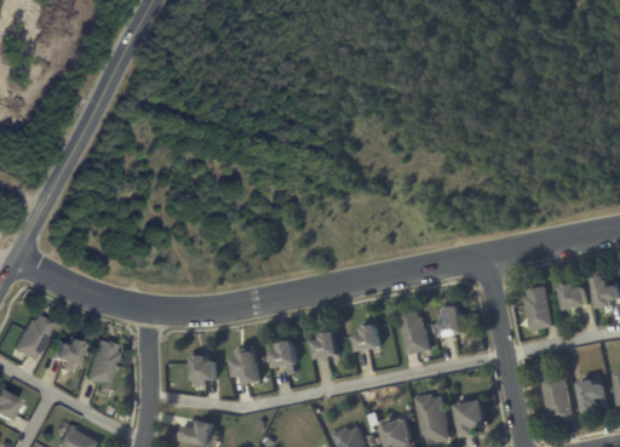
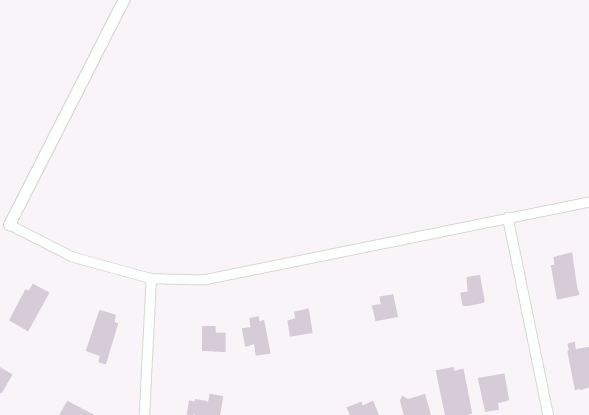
building: [400,308,430,354] -> none
building: [312,331,339,359] -> none
building: [48,337,80,372] -> none

